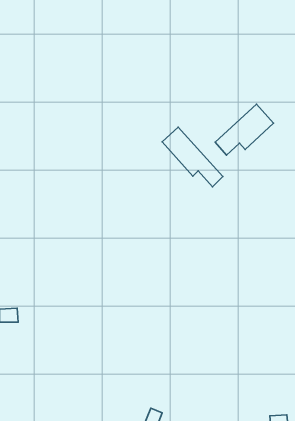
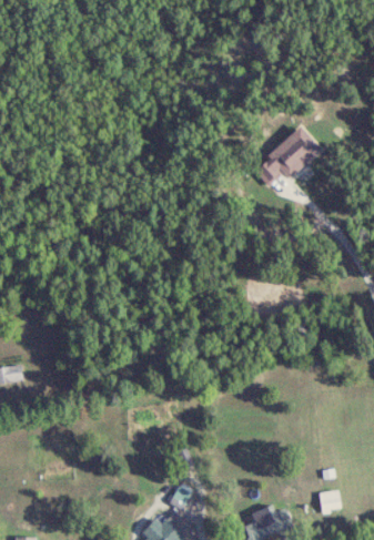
building: [162,127,223,187] -> none

